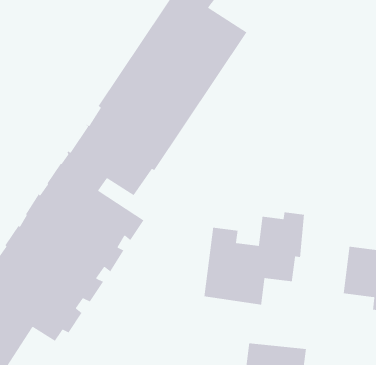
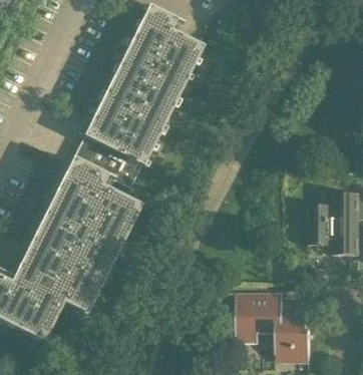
building: [204,212,305,305] -> none

